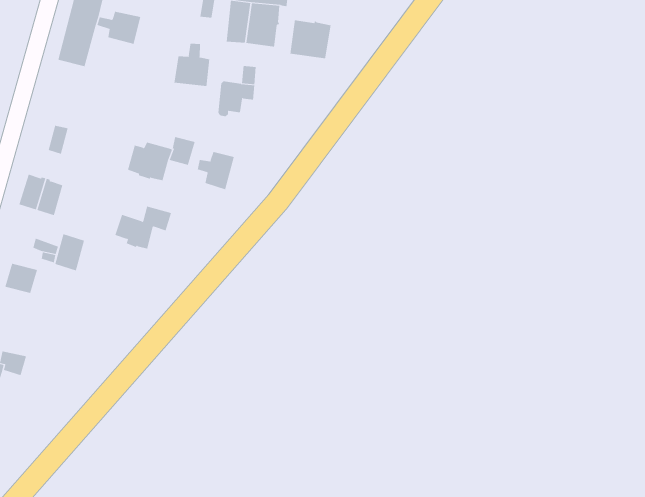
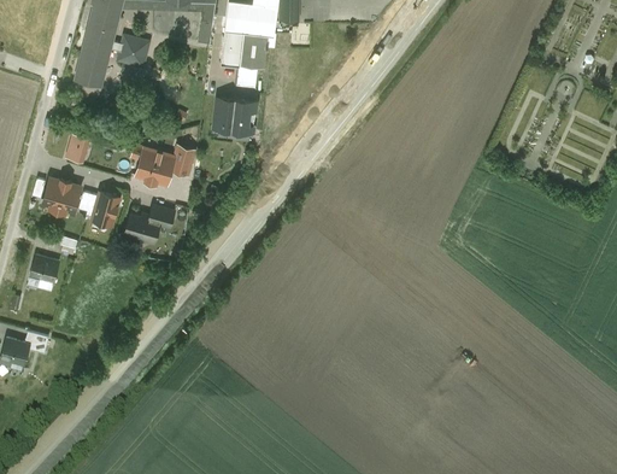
building: [290,20,331,59] -> none
building: [174,43,210,87] -> none
building: [197,151,235,190] -> none
building: [54,234,85,271] -> [92,195,118,228]

